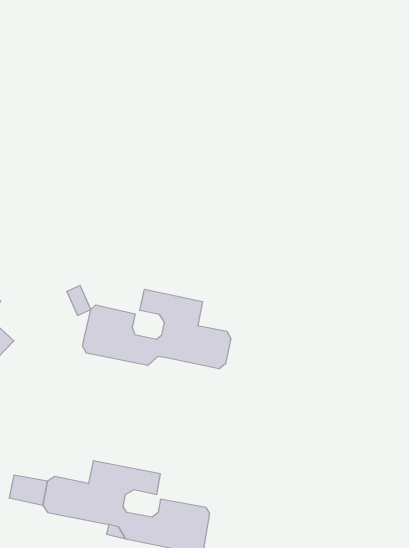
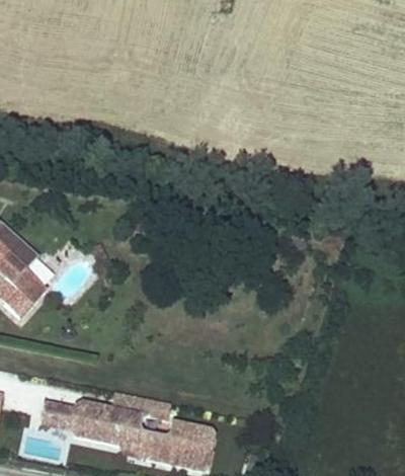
building: [83,289,231,369] -> none

